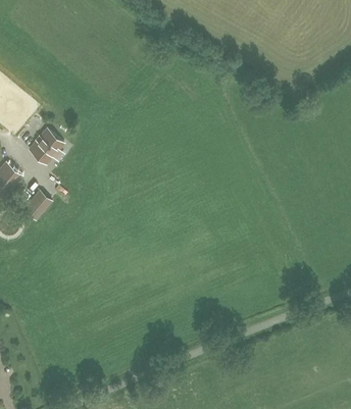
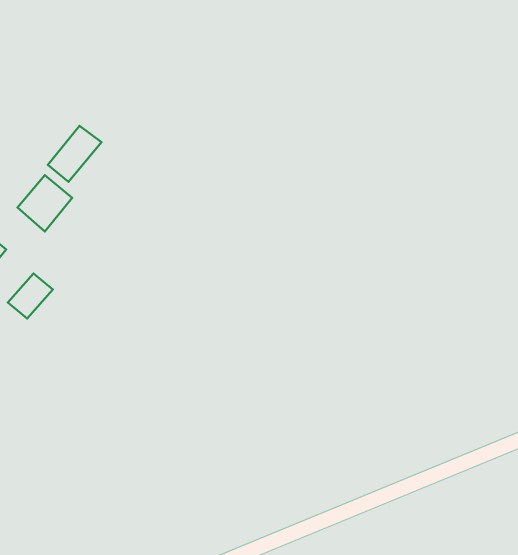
building: none -> [48,126,102,182]

